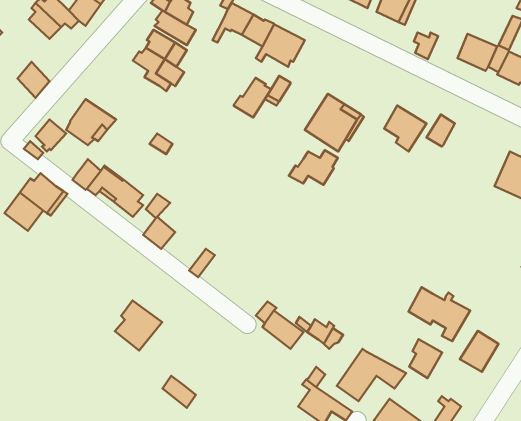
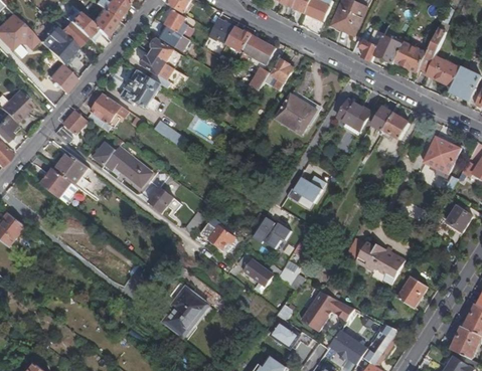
building: none -> [44,31,74,63]
building: none -> [374,35,401,63]
building: none -> [125,68,161,107]
building: [234,78,271,117] -> [264,58,293,89]
building: none -> [383,112,409,138]
building: [289,150,338,185] -> [286,175,324,202]
building: none -> [252,217,291,248]
building: none -> [202,220,232,248]
building: [115,300,162,350] -> [170,286,207,325]
building: [409,339,442,378] -> none

